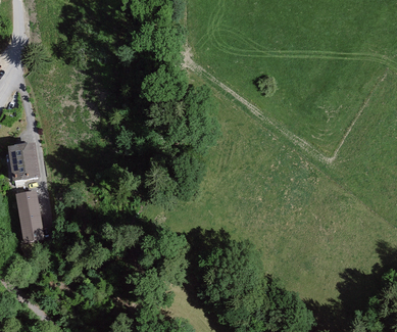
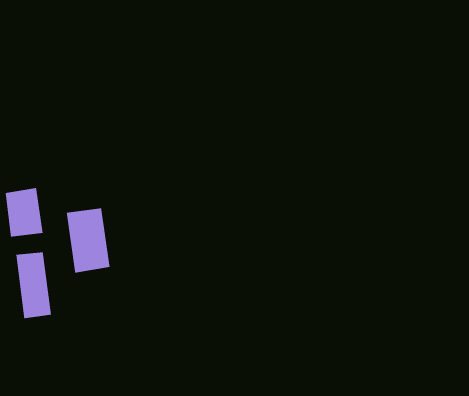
building: none -> [66,208,110,273]

